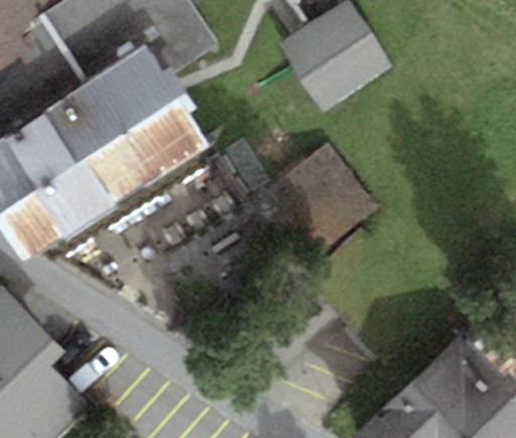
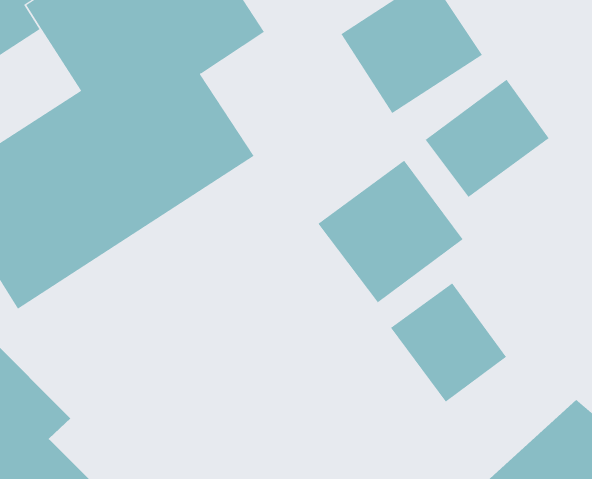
building: none -> [425,79,550,198]
building: none -> [390,282,507,402]

